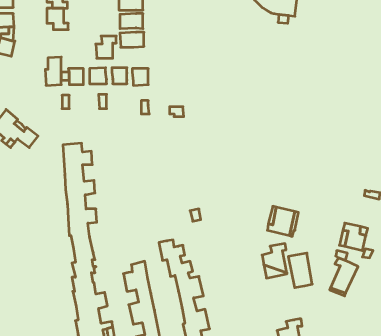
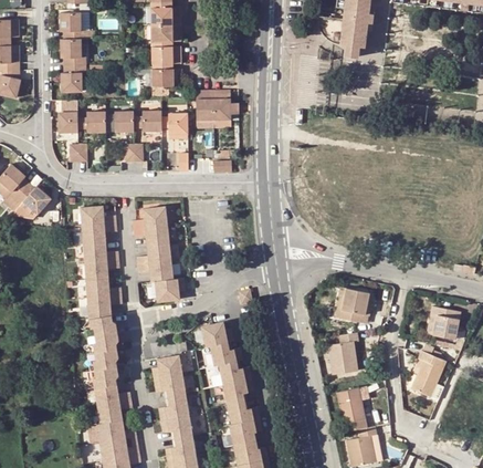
building: [96,36,116,58] -> [61,64,86,92]
building: none -> [196,89,229,129]
building: none -> [132,206,185,303]
building: [288,253,312,288] -> [337,387,367,430]

